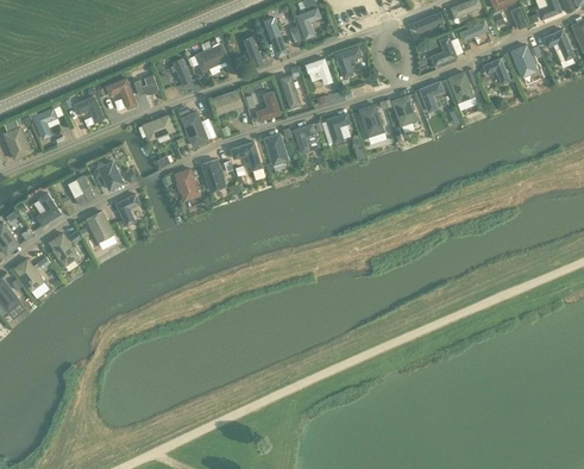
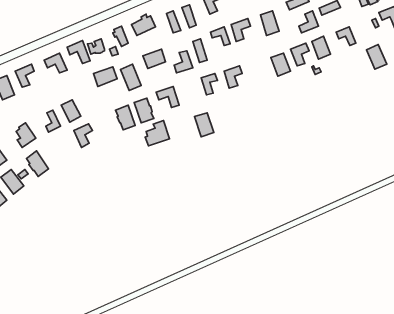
building: [509,43,538,77] -> [366,45,387,69]
building: [358,102,384,137] -> [260,11,279,35]
building: [262,132,289,165] -> [194,113,214,137]
building: none -> [145,121,169,146]
building: [84,210,114,243] -> none

